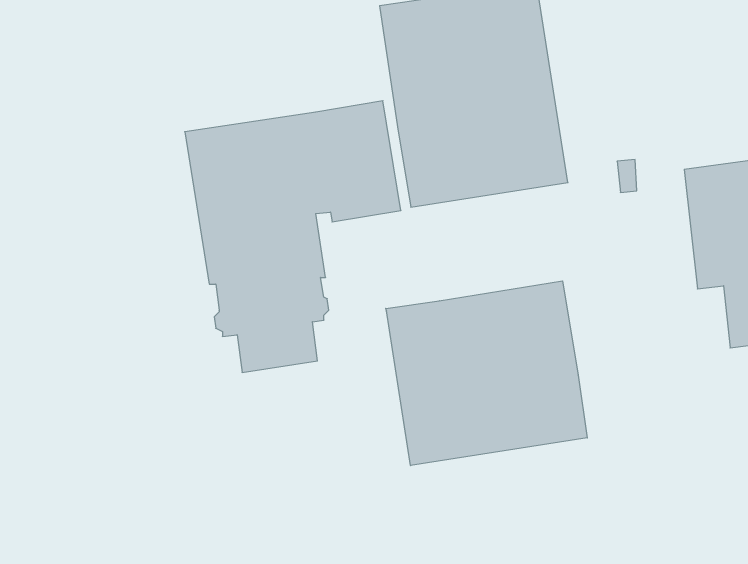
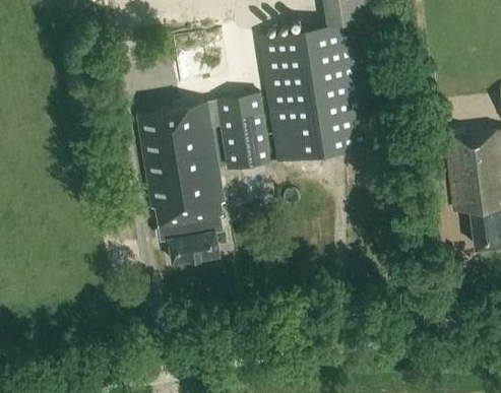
building: [386,281,587,466] -> none

